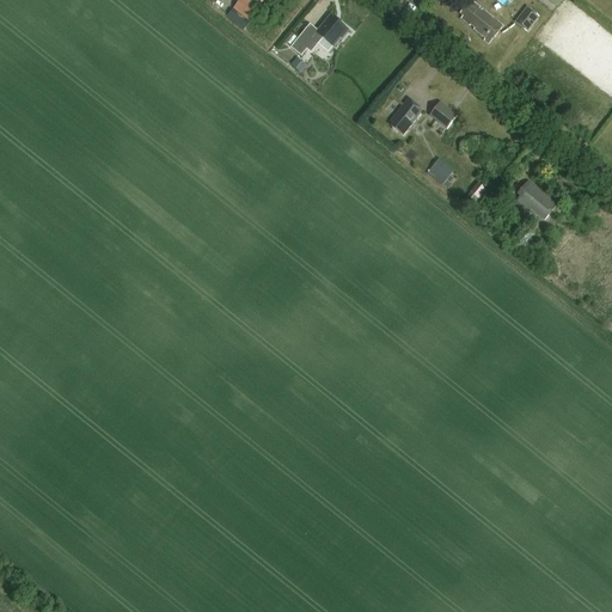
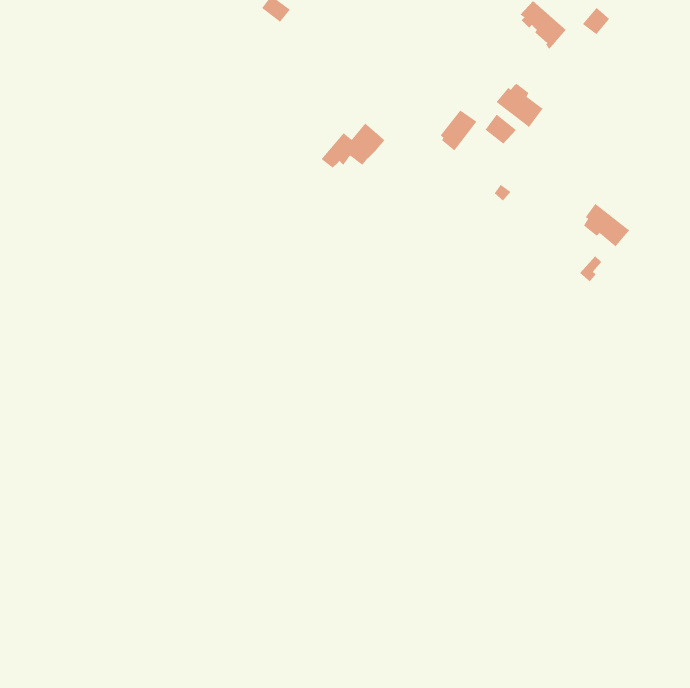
building: [289,13,347,54] -> [320,123,385,169]
building: none -> [496,83,544,129]

